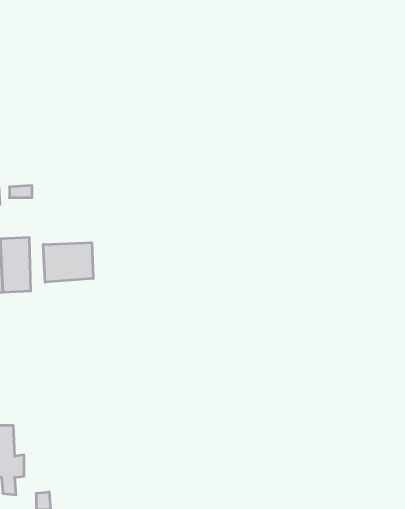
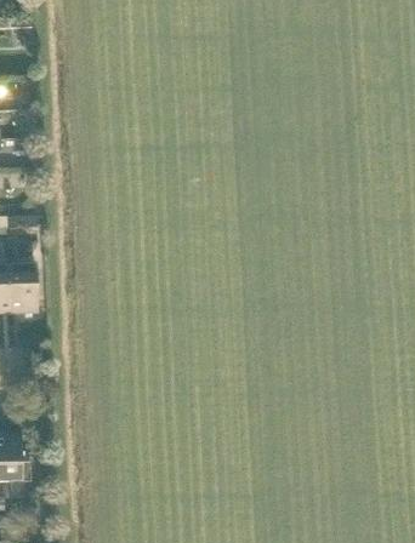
building: [43,243,93,282] -> none

